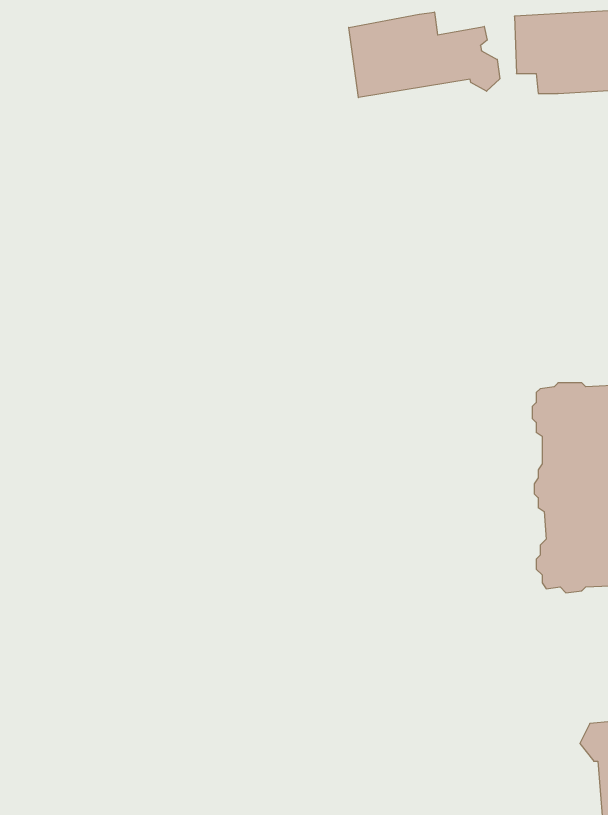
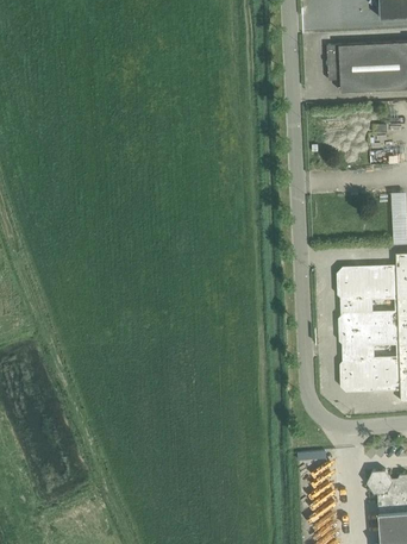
building: [349,12,500,98] -> none

